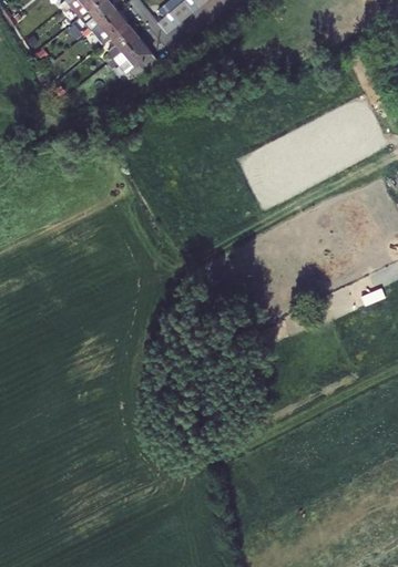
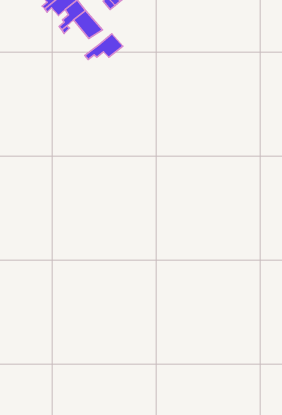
building: none -> [85,34,123,59]

